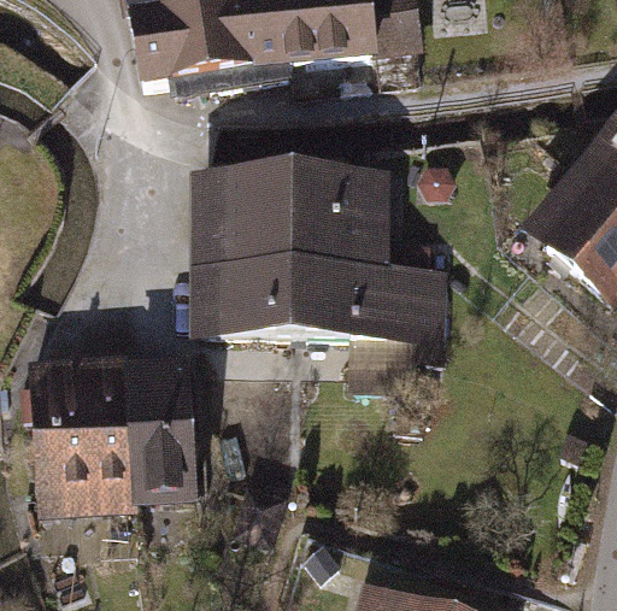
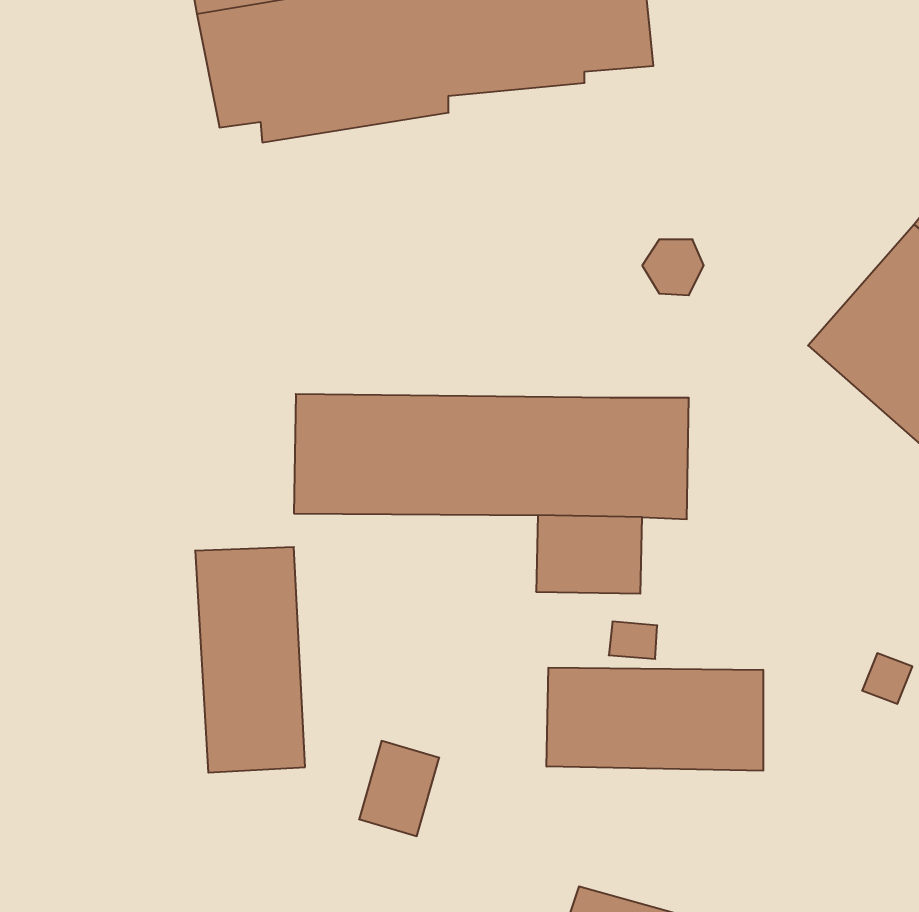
building: [192,165,396,262] -> none
building: [34,357,135,517] -> none
building: none -> [547,668,763,771]

